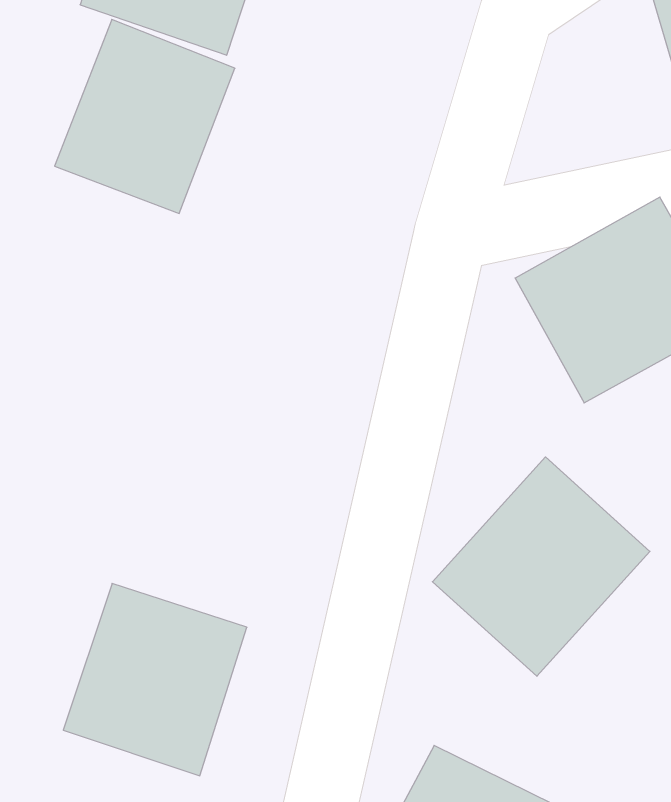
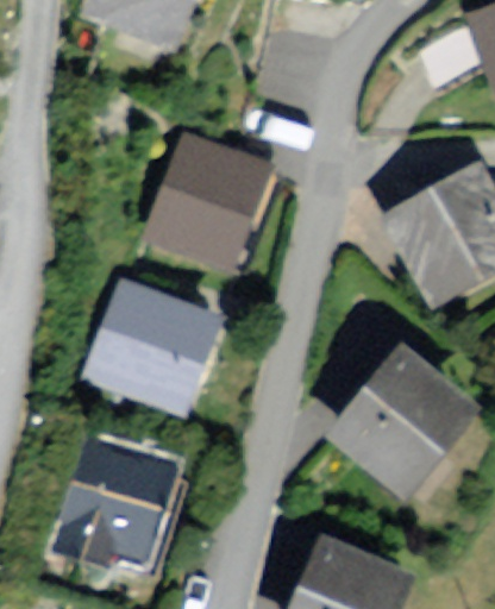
building: [55,19,235,213] -> [151,134,278,271]
building: none -> [101,282,225,409]

